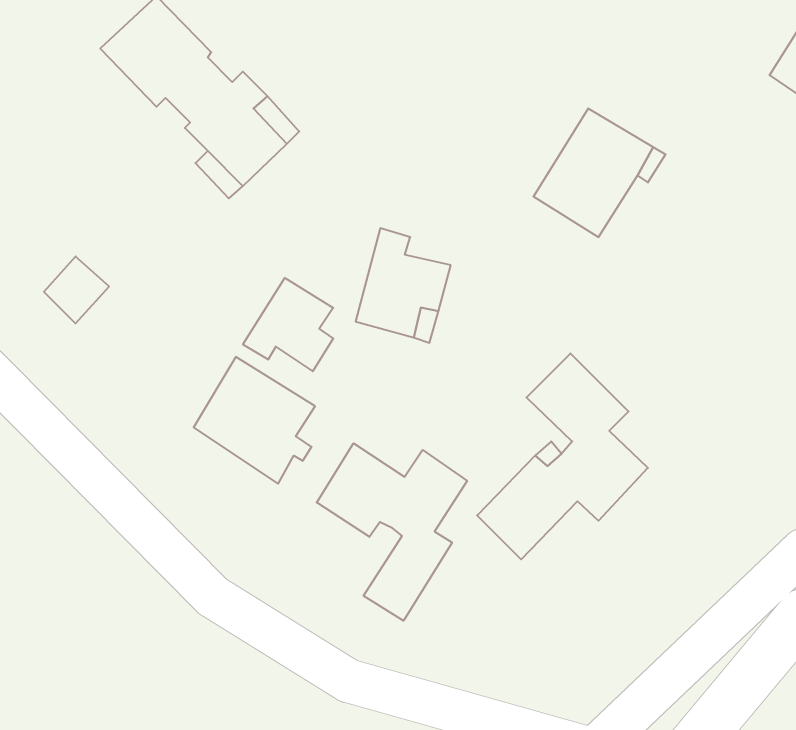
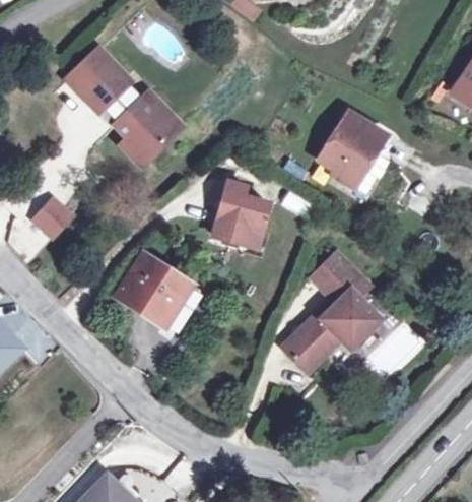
building: [243,278,333,371] -> none
building: [317,443,467,621] -> none

